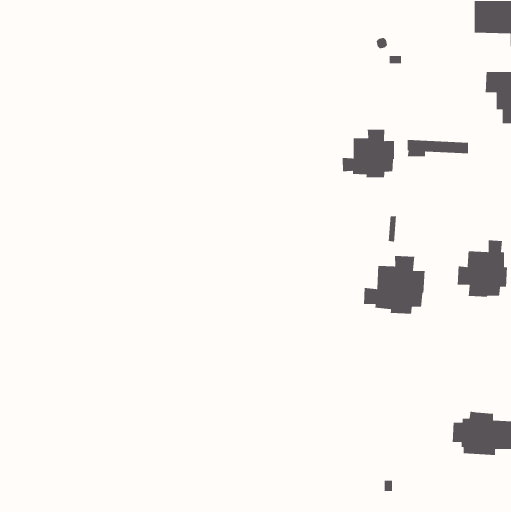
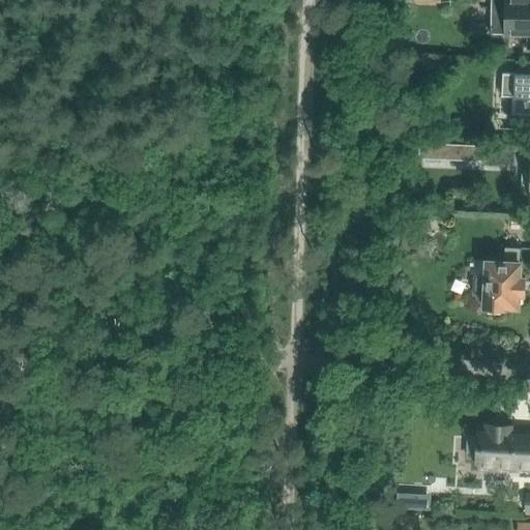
building: [342,129,395,178] -> none
building: [363,255,425,315] -> none

